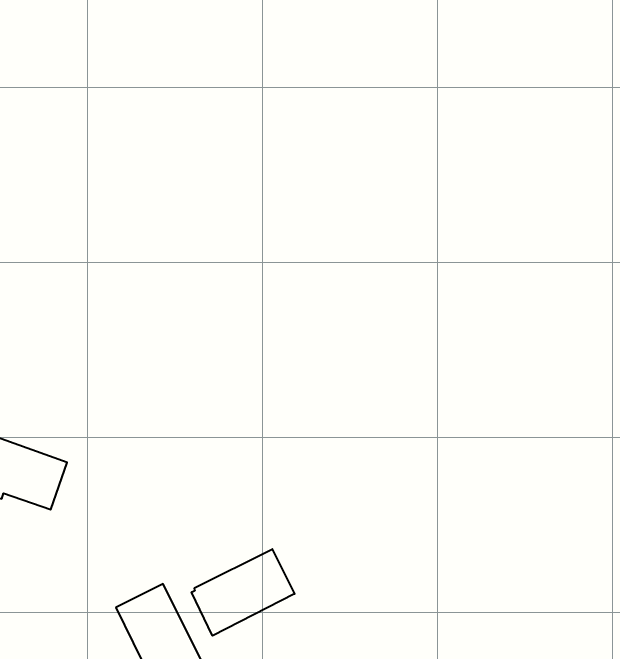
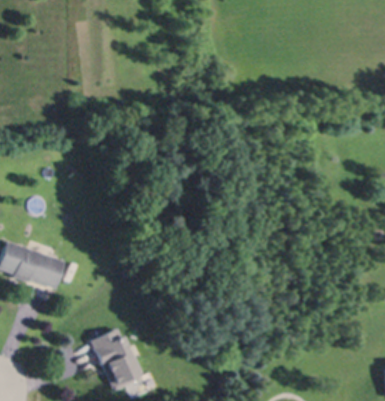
building: [192,549,295,636] -> none

